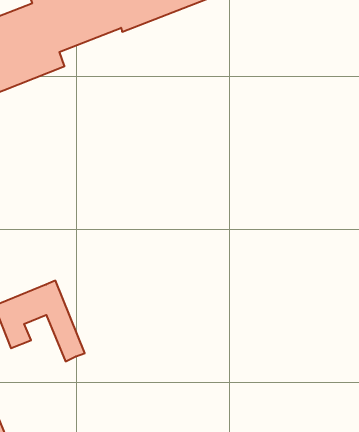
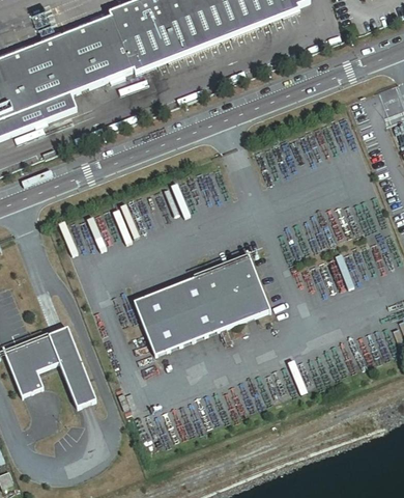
building: none -> [133,254,269,355]

